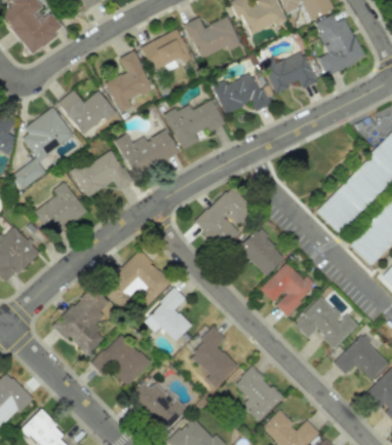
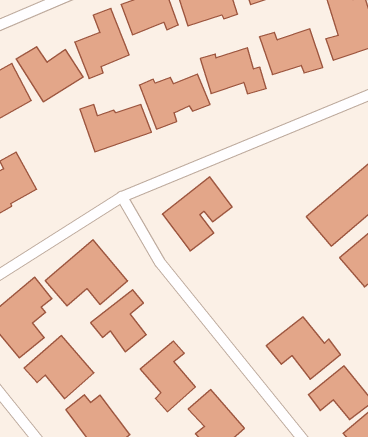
building: [73,148,132,197] -> none
building: [238,228,286,275] -> none
building: [261,260,315,316] -> none

